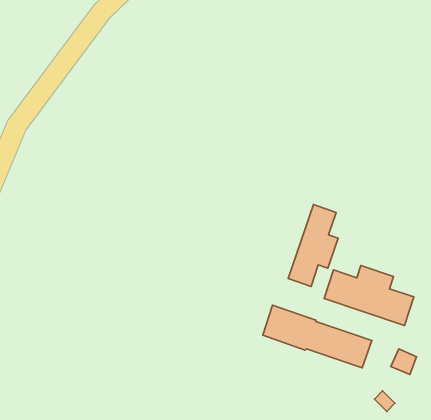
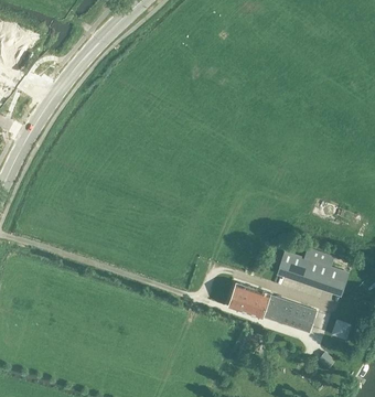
building: [288,204,338,286] -> none

